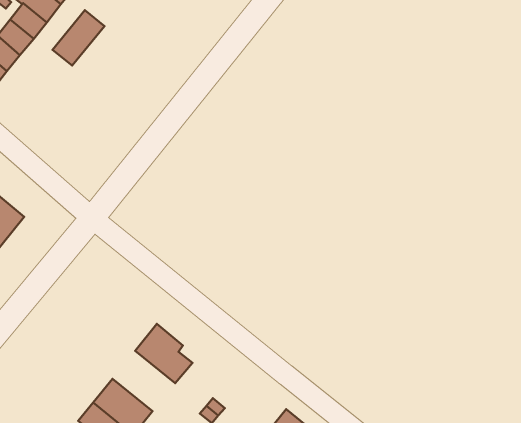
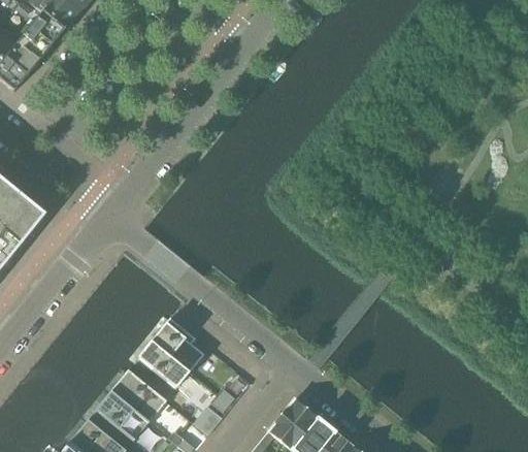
building: [53,10,104,66] -> none
building: none -> [136,344,187,389]

